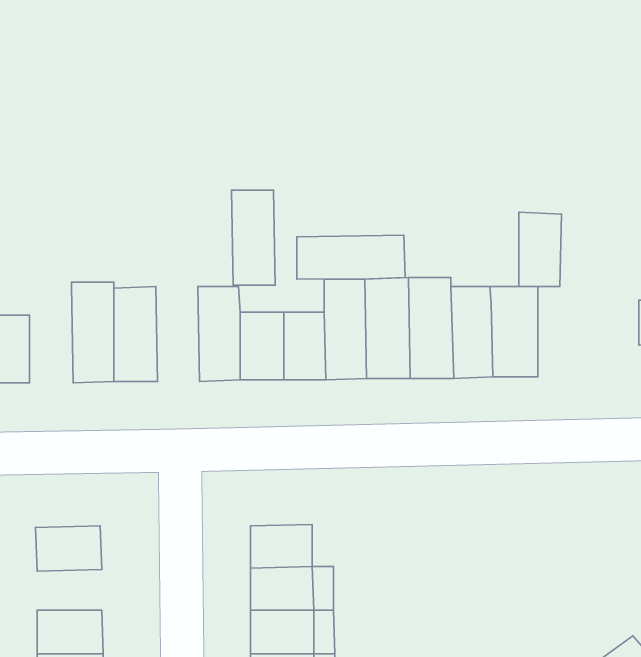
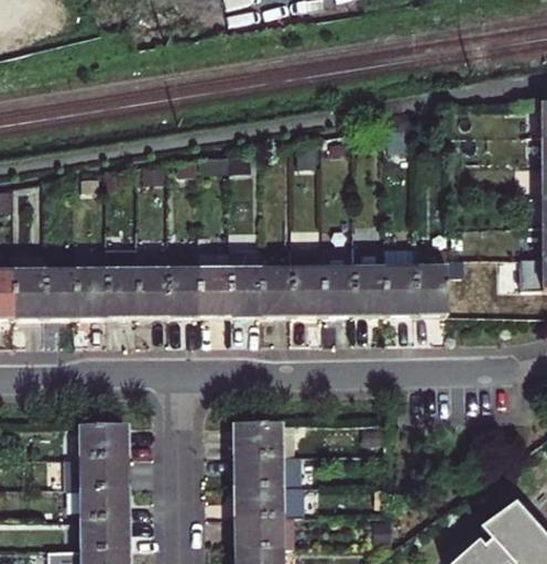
building: [232,190,275,285] -> [166,249,198,318]
building: [519,212,561,287] -> none
building: [297,235,405,279] -> none
building: none -> [74,249,106,319]
building: none -> [79,456,127,486]

